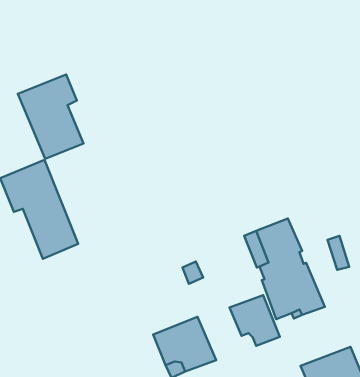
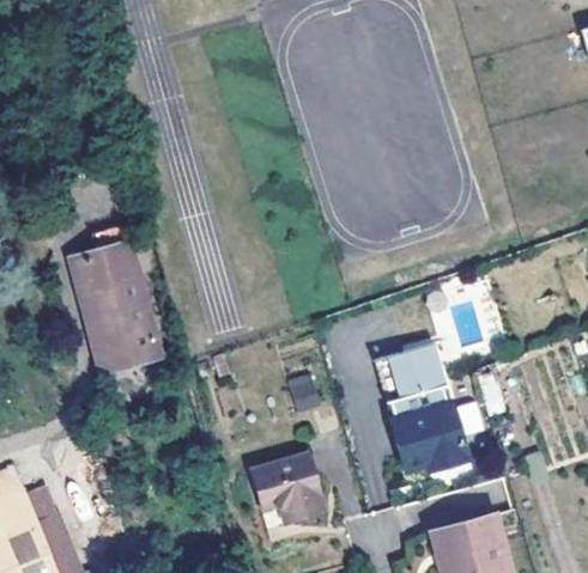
building: [18,74,84,159] -> none
building: [230,295,280,346] -> none

